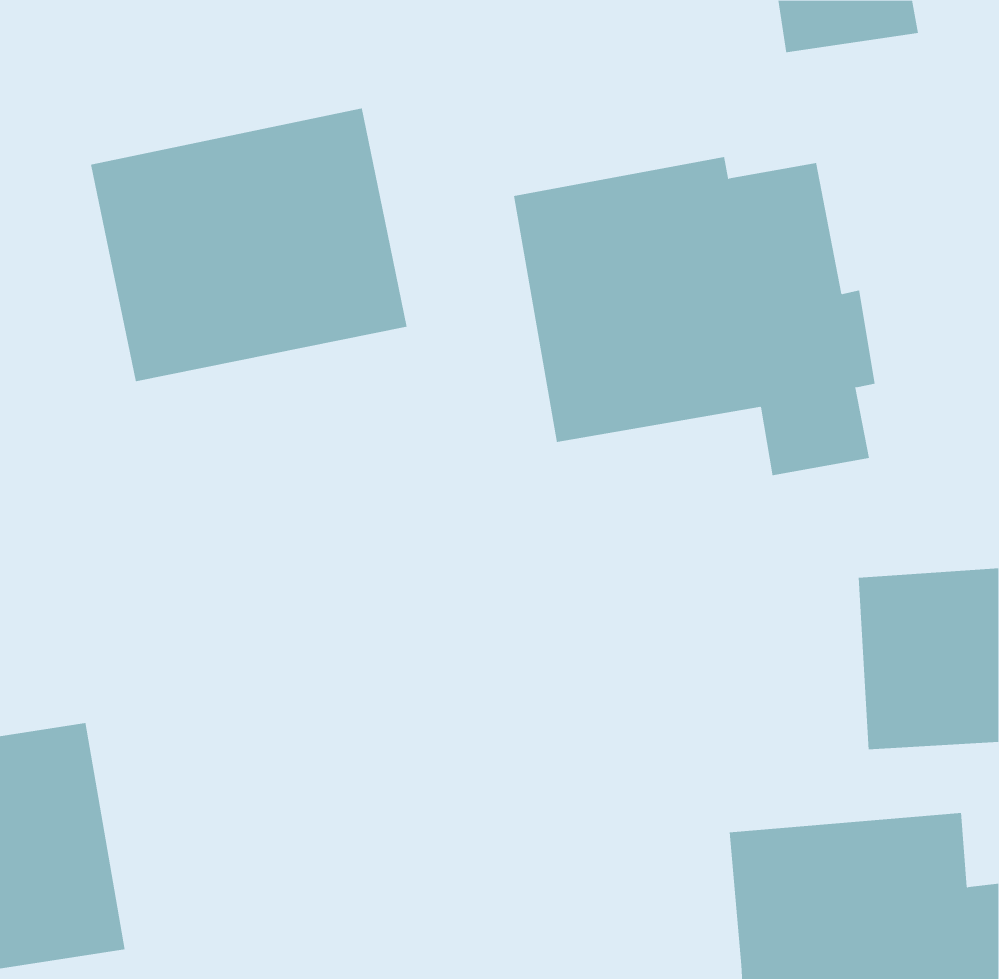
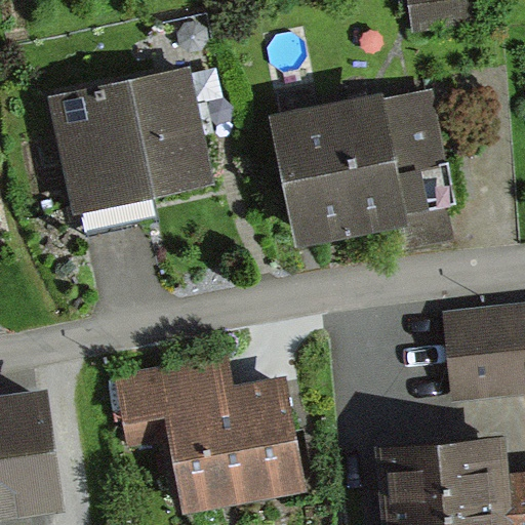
building: none -> [114,359,307,514]

